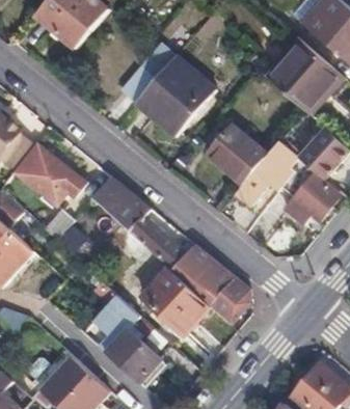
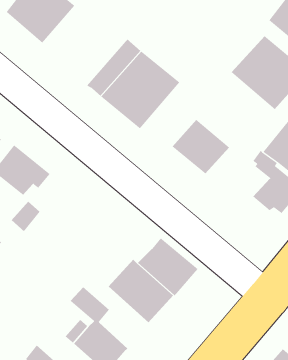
building: [233,141,297,206] -> none
building: [91,178,186,272] -> none
building: [210,278,245,322] -> none

